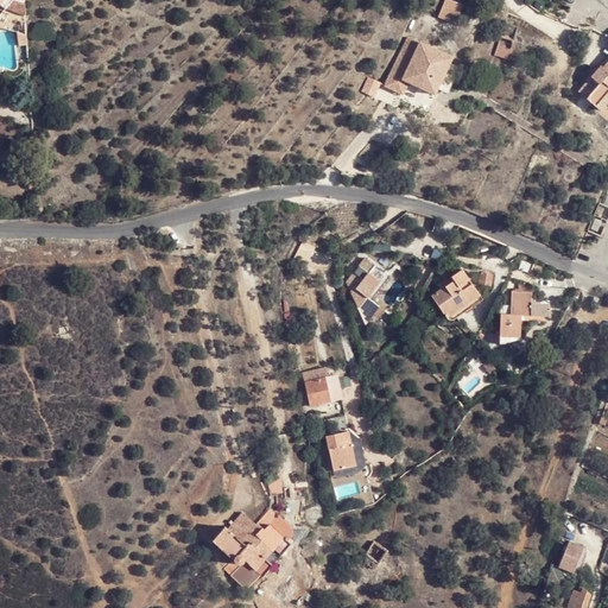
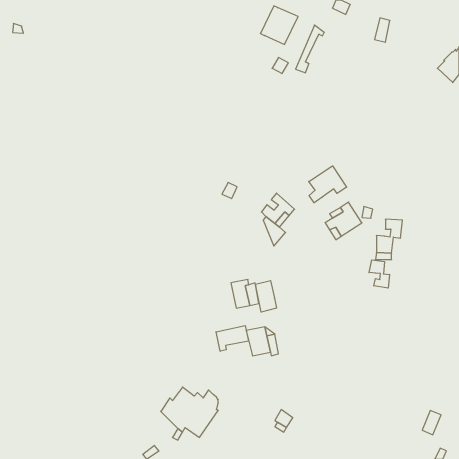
building: [404,45,454,96] -> [260,6,298,44]
building: none -> [309,166,347,203]
building: none -> [369,260,389,288]
building: none -> [256,281,277,312]
building: none -> [216,326,248,351]

